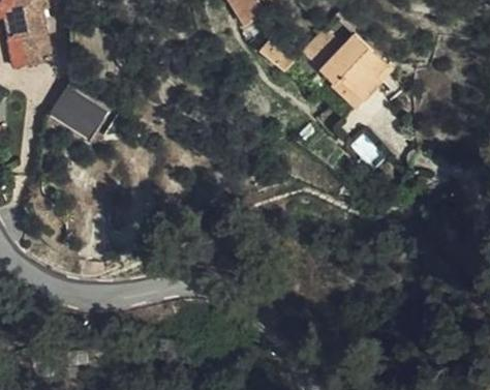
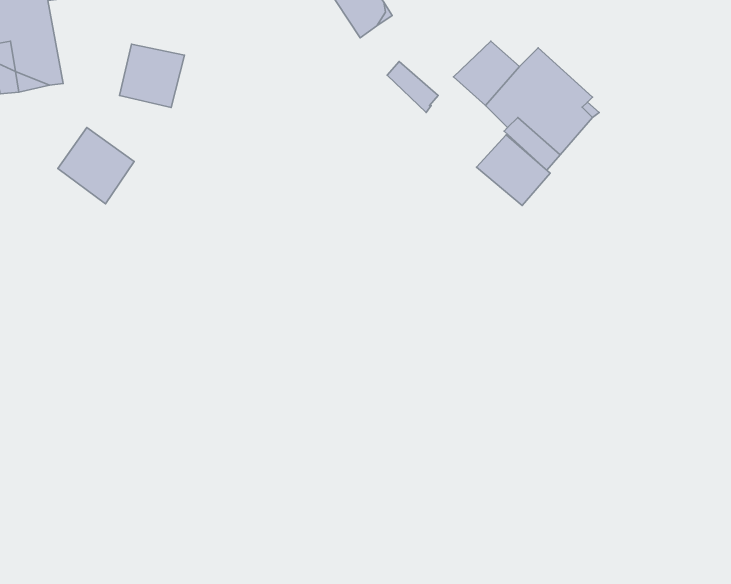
building: none -> [119,44,184,107]
building: none -> [476,135,550,205]

